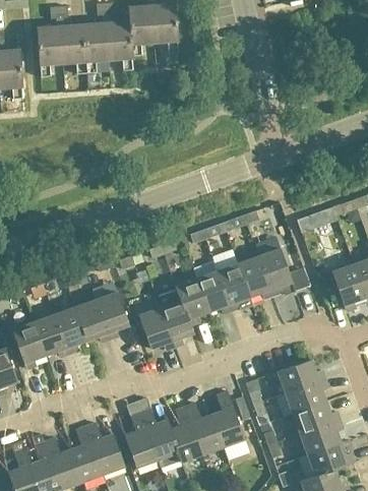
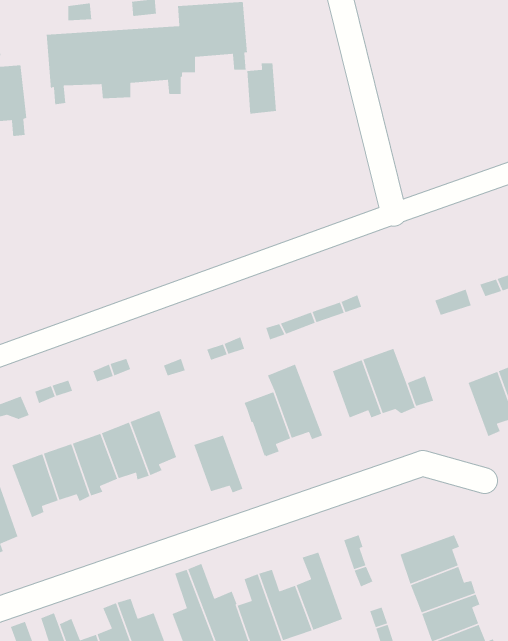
building: none -> [247,62,277,115]
building: [210,247,252,310] -> none
building: [157,291,195,347] -> none
building: [275,359,323,394] -> none

